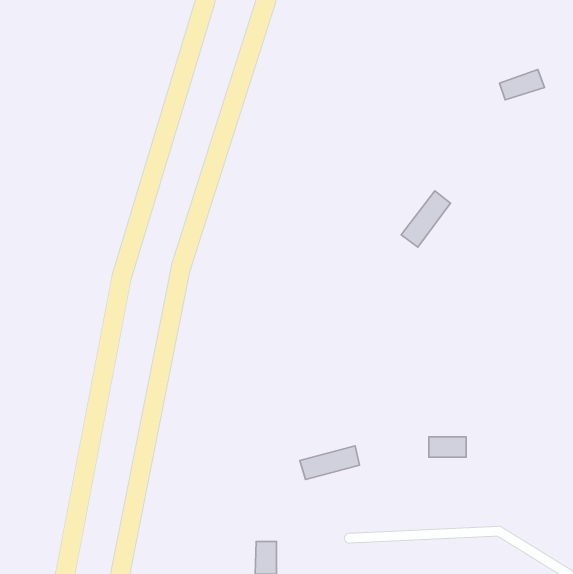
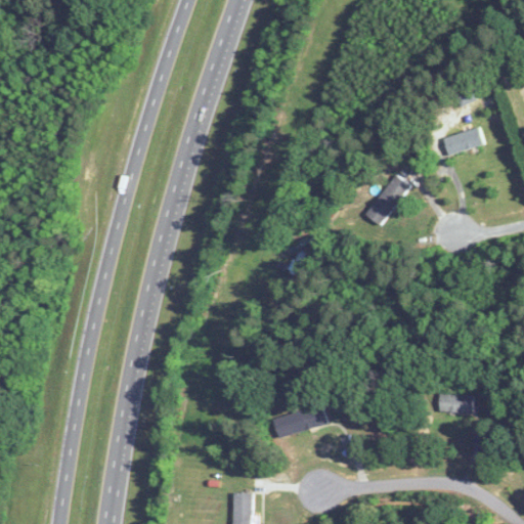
building: [499,70,544,100] -> [443,127,484,155]
building: [429,437,466,457] -> [439,394,473,412]

